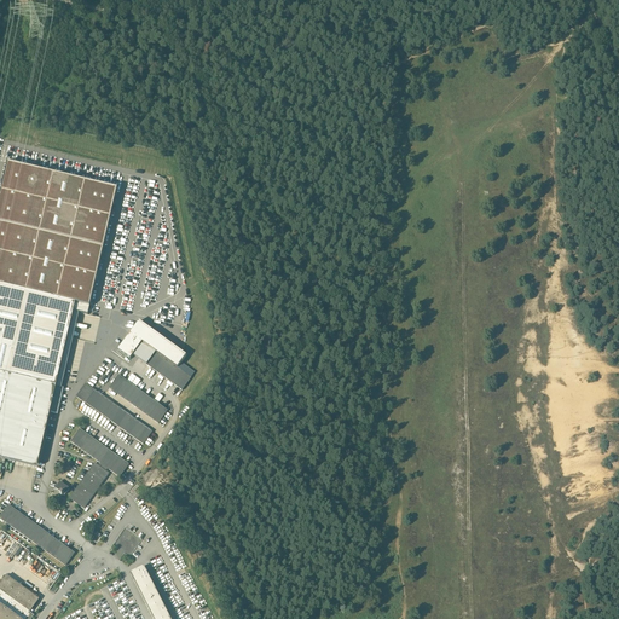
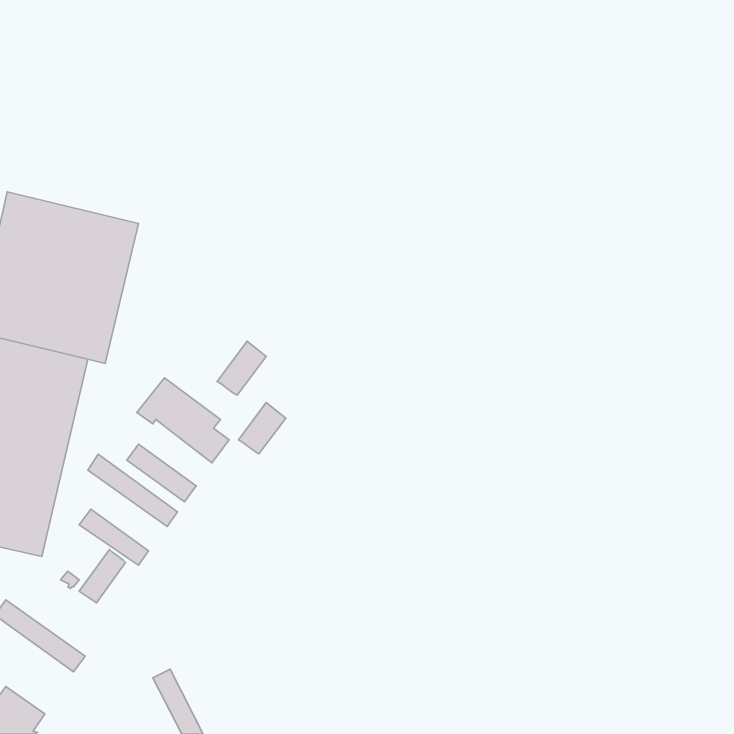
building: none -> [217,341,266,395]
building: none -> [238,403,286,454]

